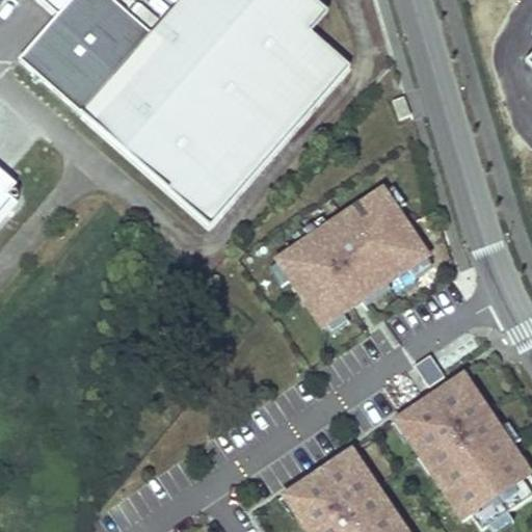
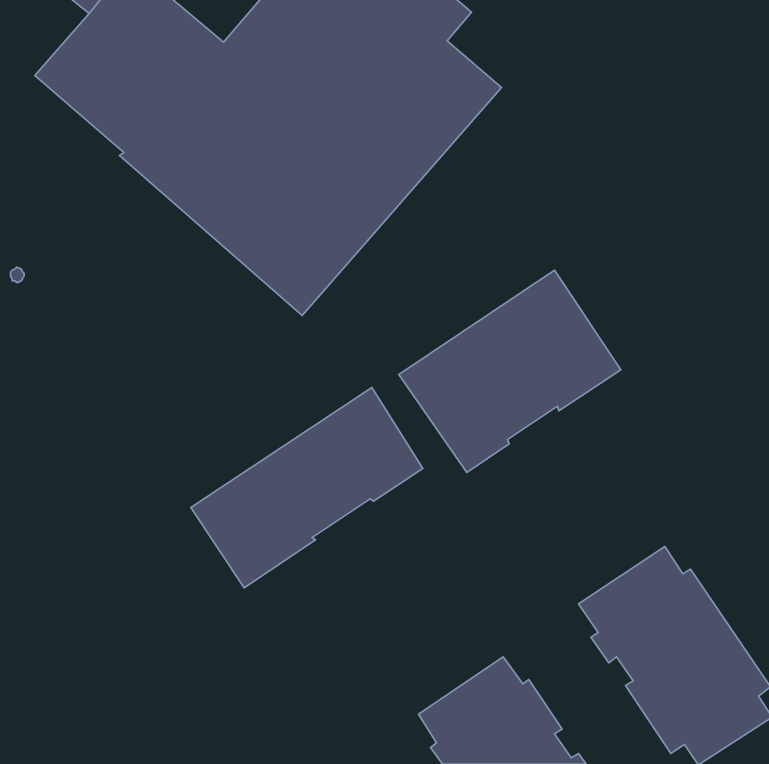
building: none -> [191,387,423,588]

